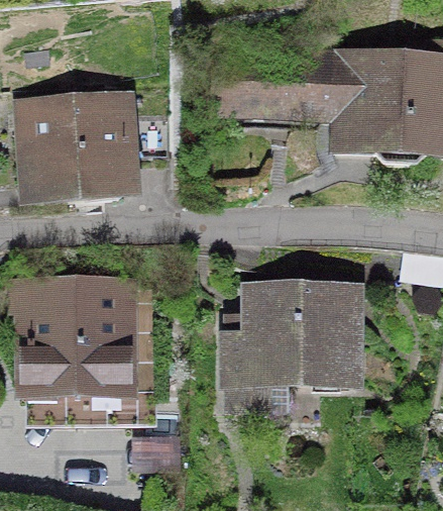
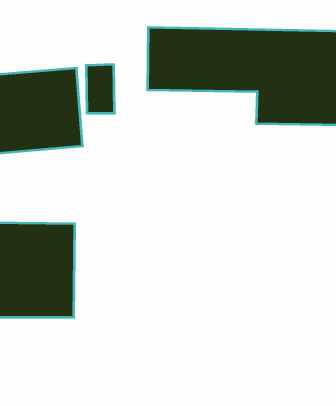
building: [223,281,363,393] -> none

